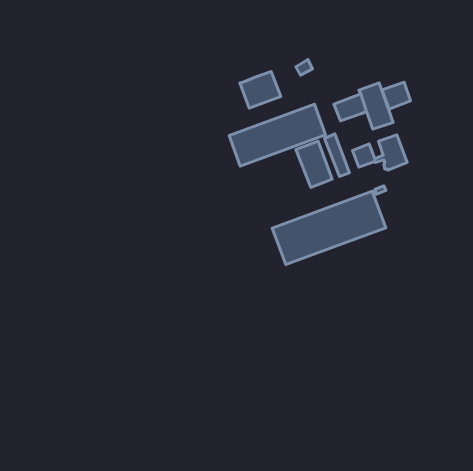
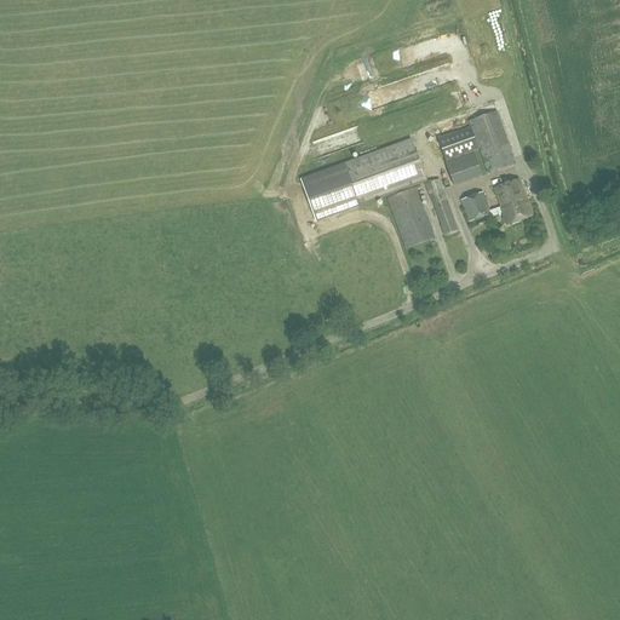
building: [240,72,281,108] -> none
building: [382,82,411,109] -> [443,148,481,183]
building: [272,191,386,265] -> none

